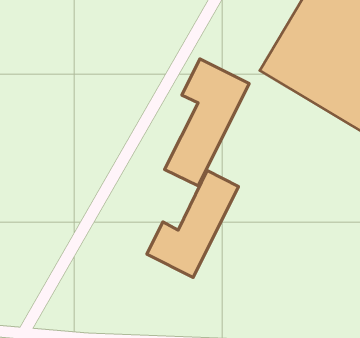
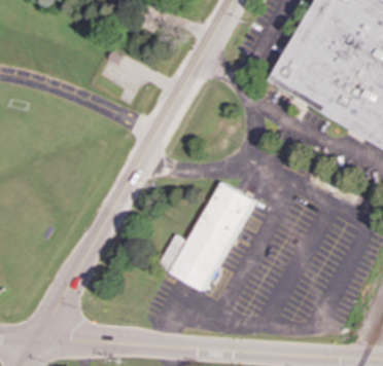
building: [164,59,249,186] -> none

